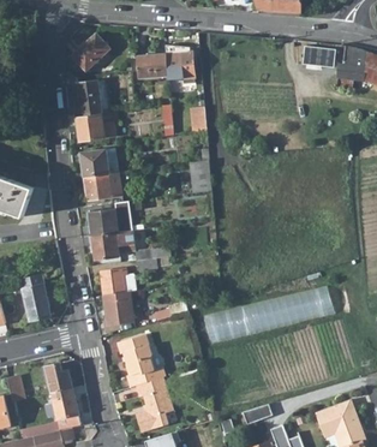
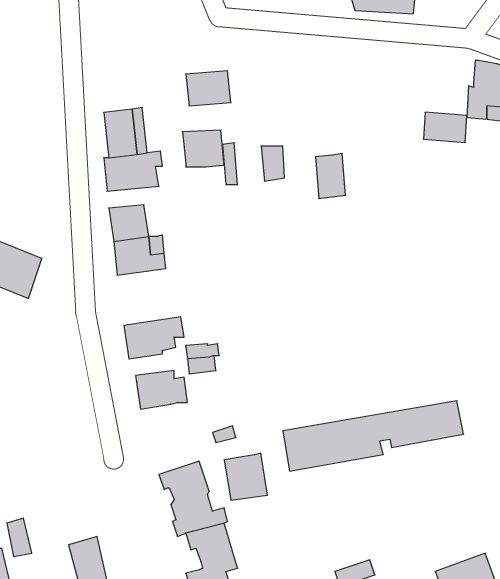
building: [71,32,110,71] -> none
building: [306,44,337,66] -> [423,112,467,142]
building: [166,52,196,78] -> [182,130,224,167]
building: [190,160,211,192] -> [315,153,346,199]
building: [90,207,143,236] -> none
building: [20,274,52,321] -> none
building: [103,291,134,324] -> [224,453,268,500]
building: [46,363,72,393] -> none

